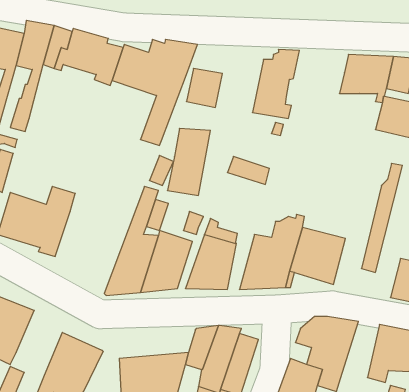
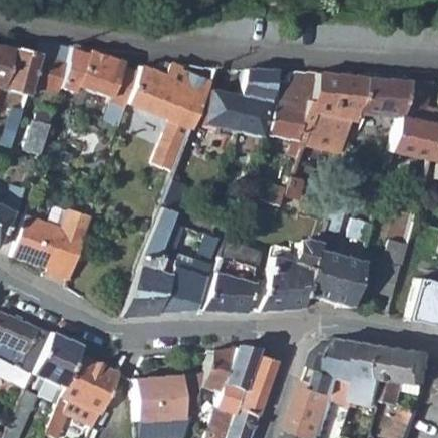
building: none -> [301,72,364,153]
building: [167,128,210,195] -> [231,67,274,134]
building: none -> [31,333,80,398]
building: none -> [356,344,395,407]

